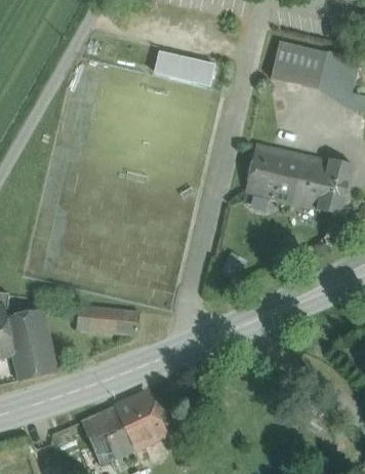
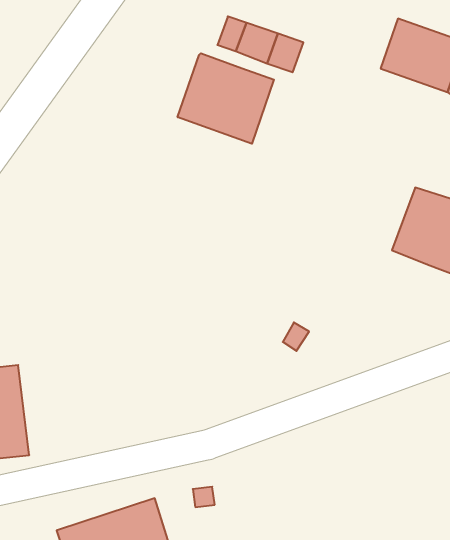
building: none -> [178,53,274,144]
building: [246,146,303,202] -> none
building: [77,305,140,335] -> none

